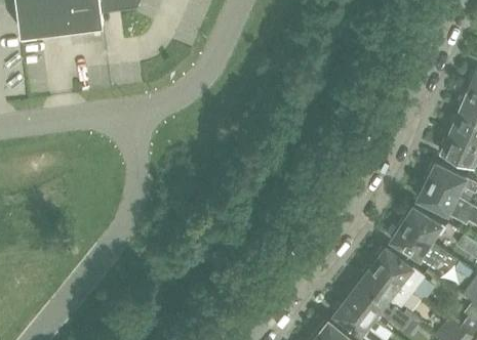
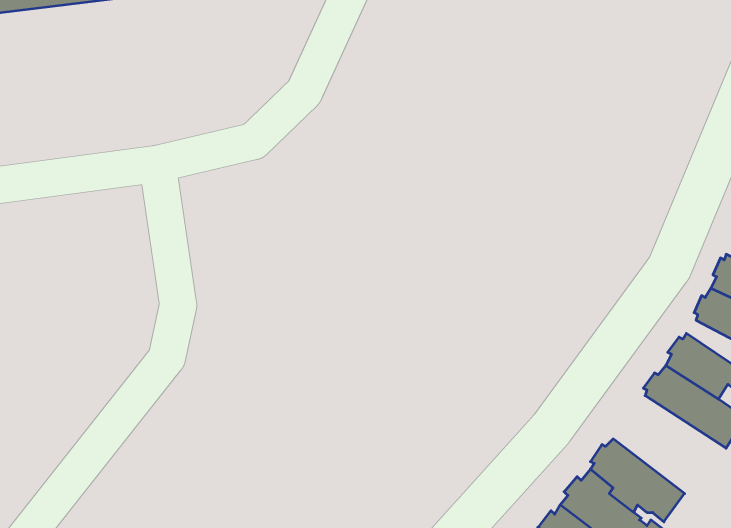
building: [373,247,426,293] -> none

